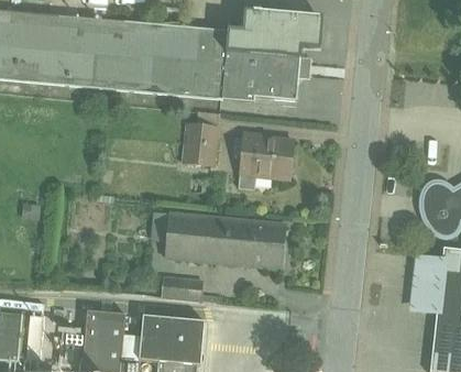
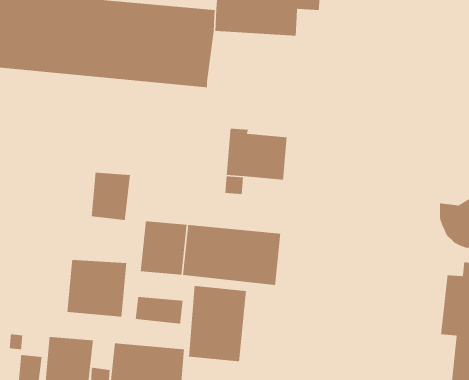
building: [226,51,301,99] -> none
building: [184,124,218,166] -> [91,172,131,221]
building: none -> [67,259,127,317]
building: none -> [188,285,247,362]

